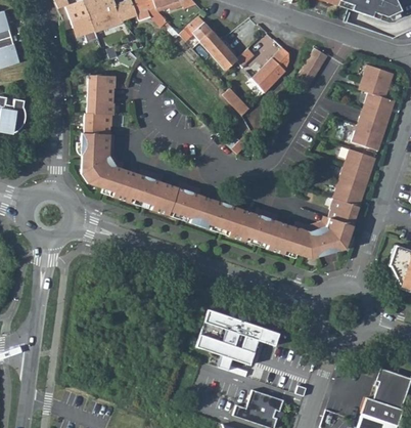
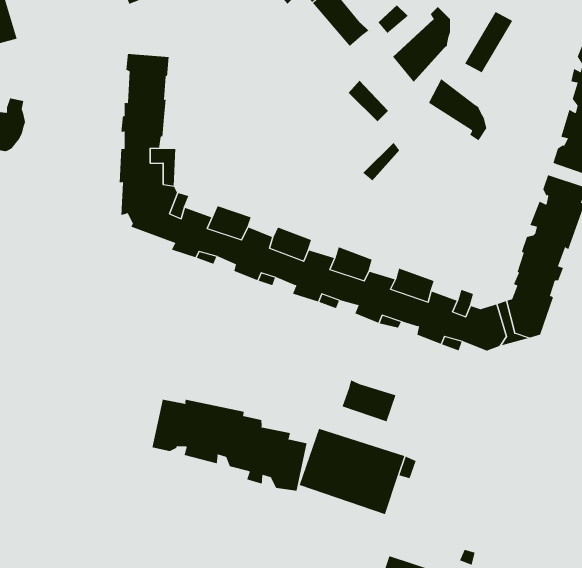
building: none -> [428,78,487,141]
building: none -> [342,379,396,422]
building: none -> [152,399,307,492]

